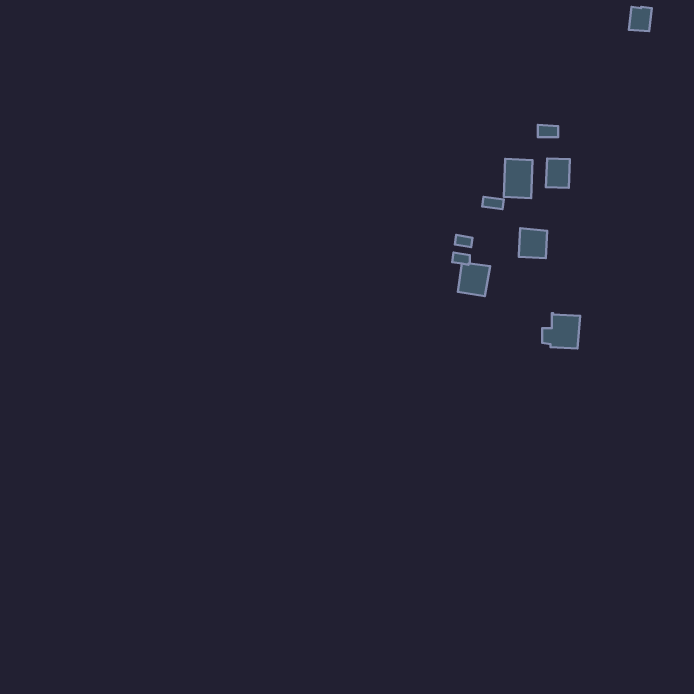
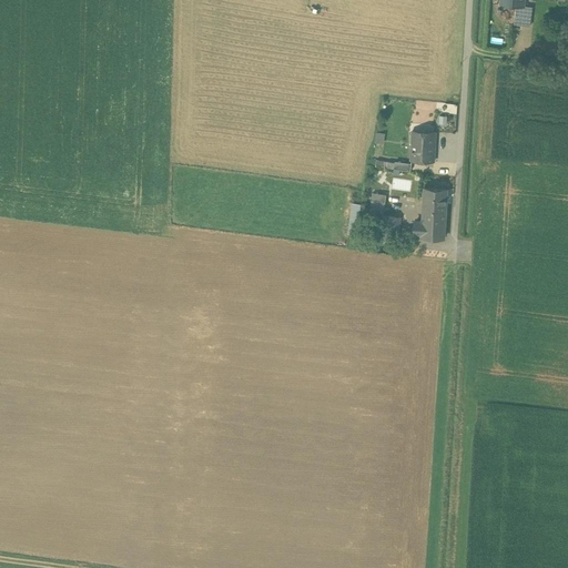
building: [546,159,570,188] -> none
building: [542,313,580,348] -> [415,209,446,237]

